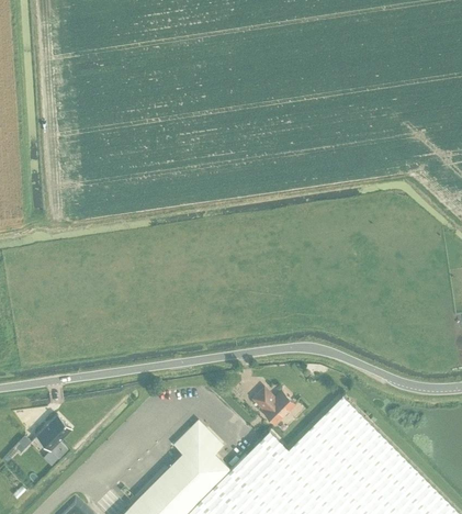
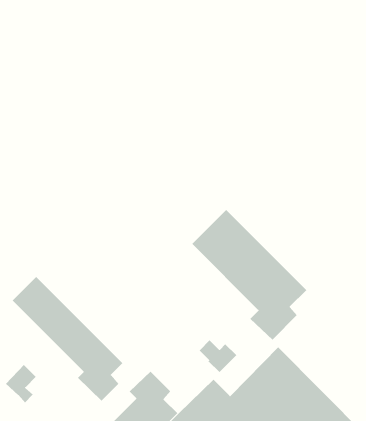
building: none -> [192,209,307,340]
building: none -> [12,276,123,401]

